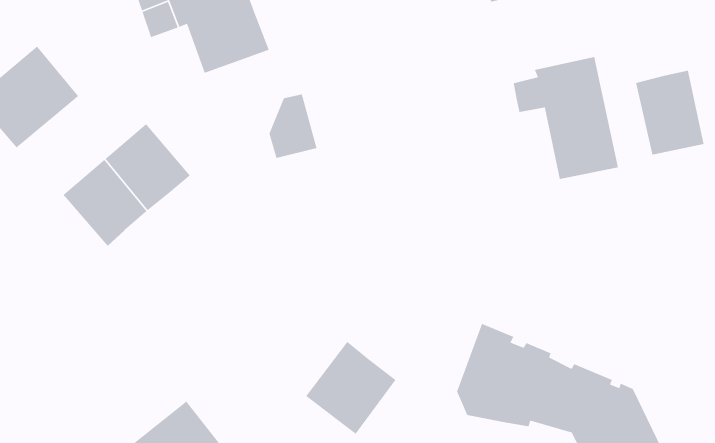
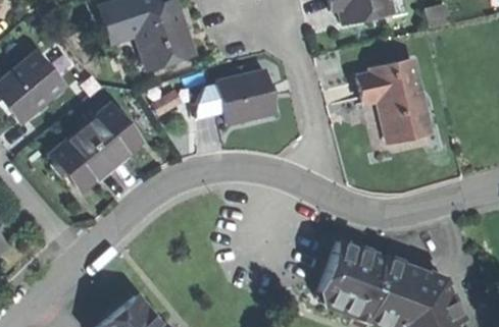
building: [635,70,704,156] -> none
building: none -> [216,69,275,122]
building: [305,341,396,435] -> none

